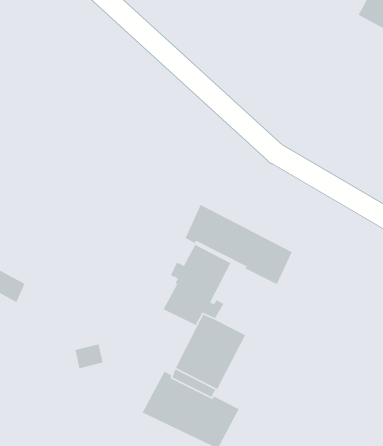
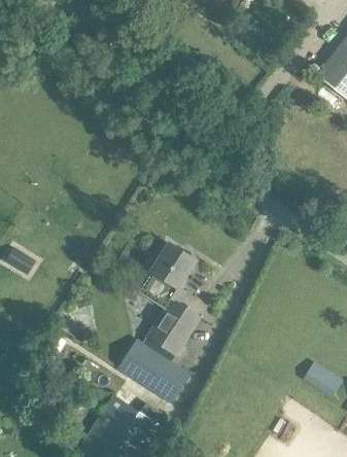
building: [184,204,293,285] -> none

